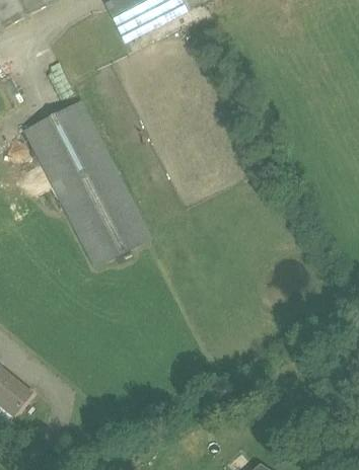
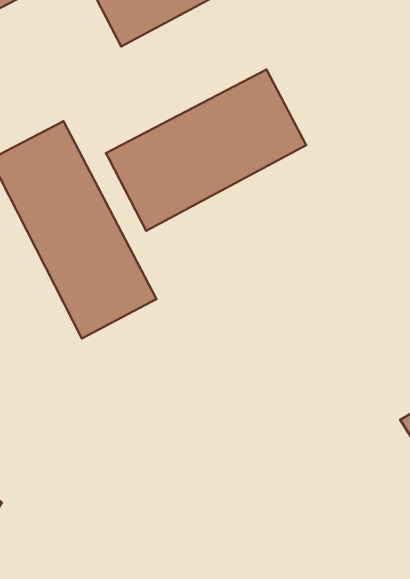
building: none -> [106,69,306,231]

